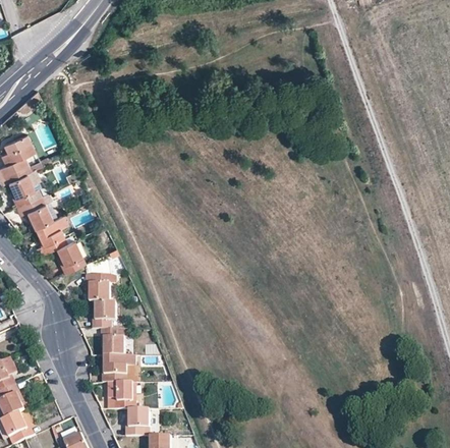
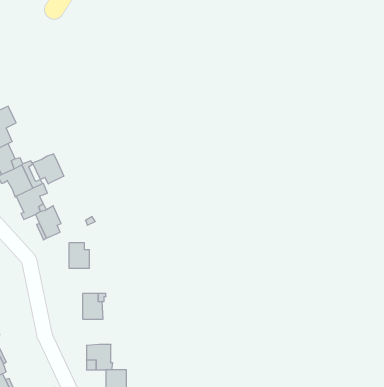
building: none -> [33,154,64,184]
building: [95,302,115,329] -> none
building: [101,355,134,383] -> none

